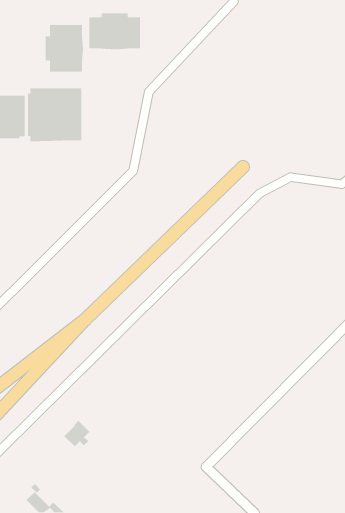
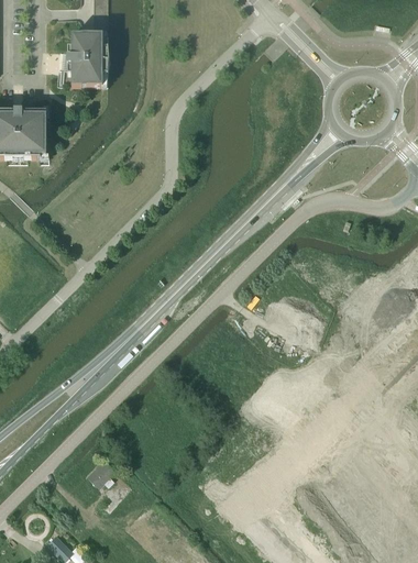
building: [89,12,141,50] -> none
building: [27,87,82,142] -> none

